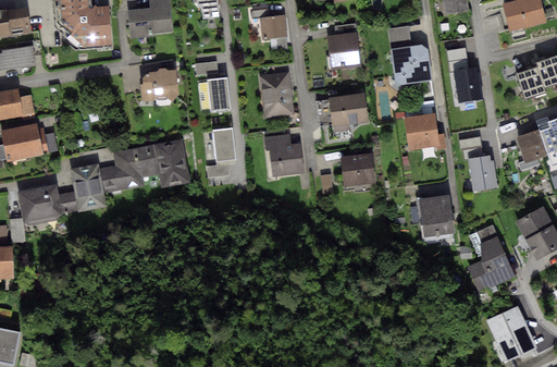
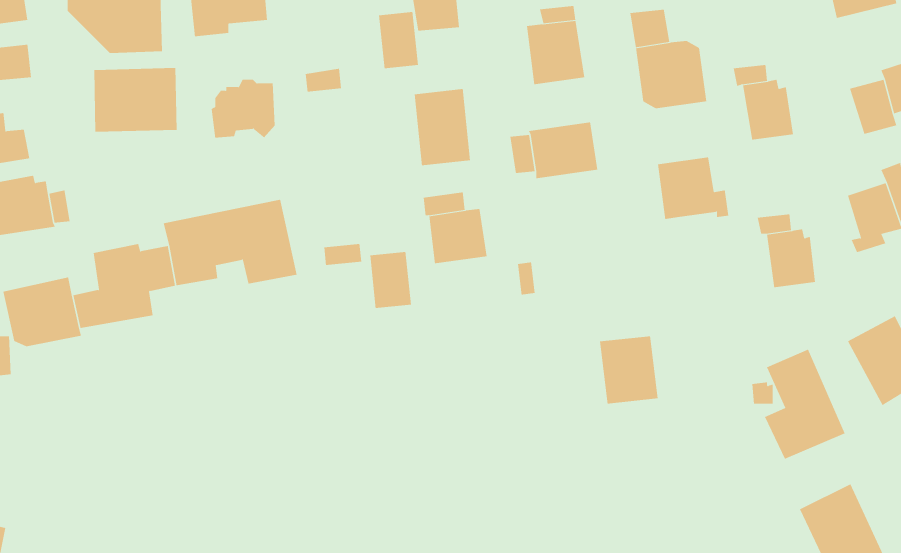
building: none -> [94,67,177,133]
building: [207,77,231,111] -> [378,12,419,69]
building: [212,127,237,161] -> [369,251,412,309]
building: [341,154,374,185] -> none
building: [419,195,454,235] -> [599,336,658,404]

